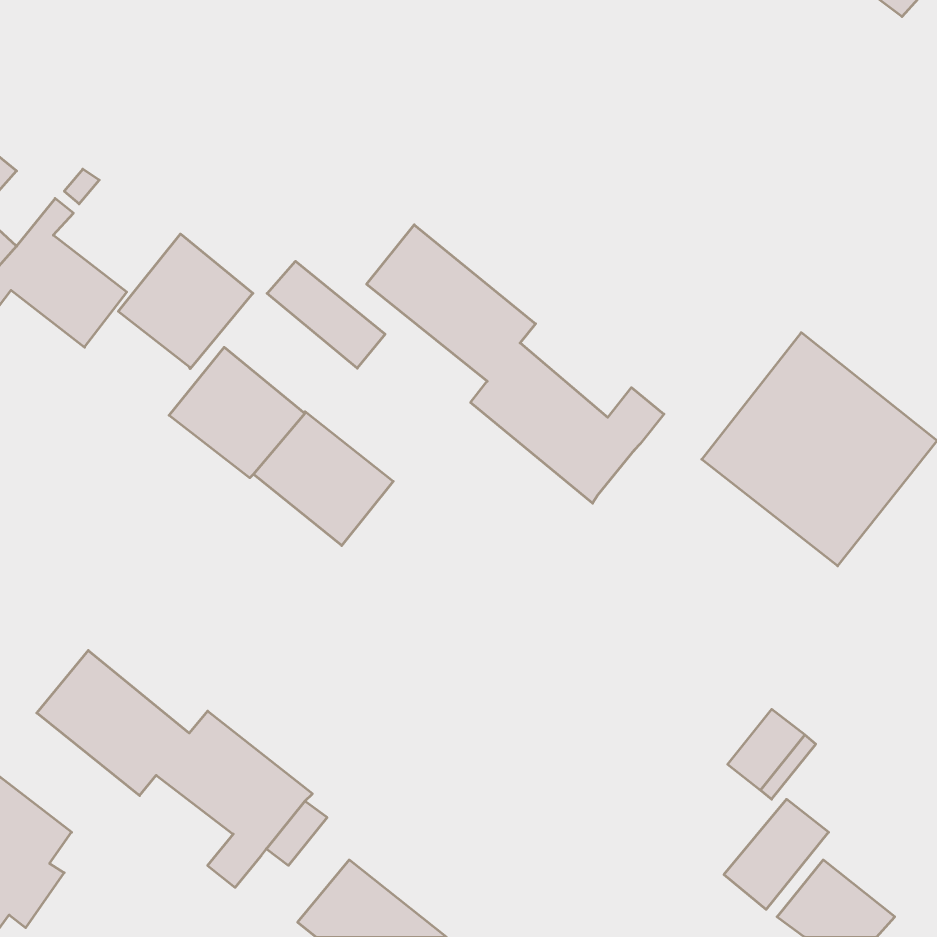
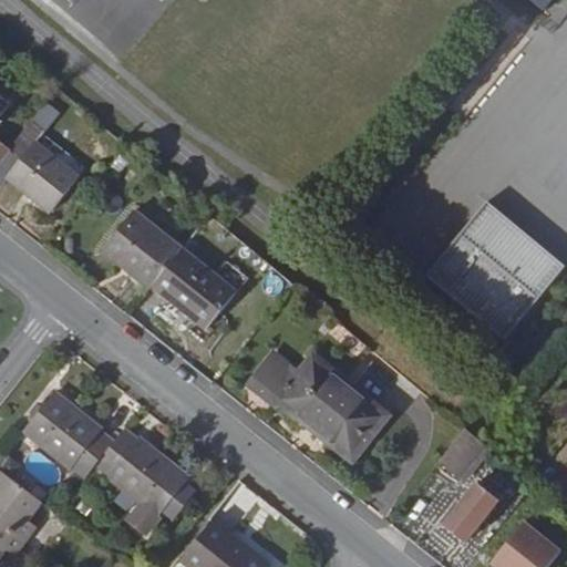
building: [367,225,664,503] -> none
building: [118,234,253,369] -> none
building: [267,261,385,368] -> none
building: none -> [249,353,385,457]

